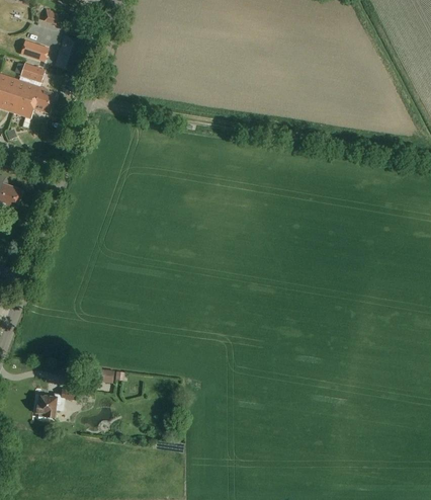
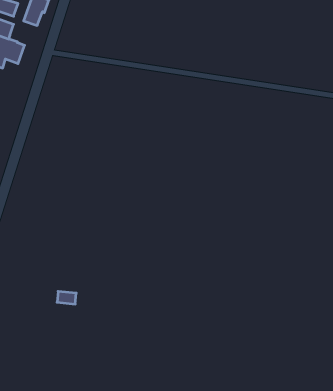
building: [33,388,73,417] -> none

